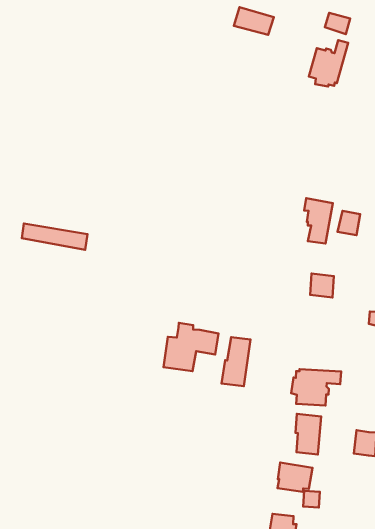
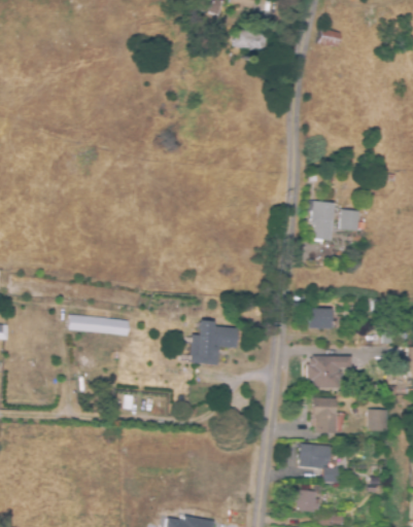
building: [309,40,348,87] -> none
building: [22,224,87,250] -> [69,313,129,333]
building: [310,274,334,297] -> [310,308,331,328]
building: [221,337,251,386] -> none

